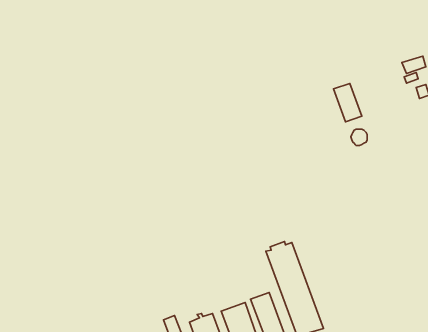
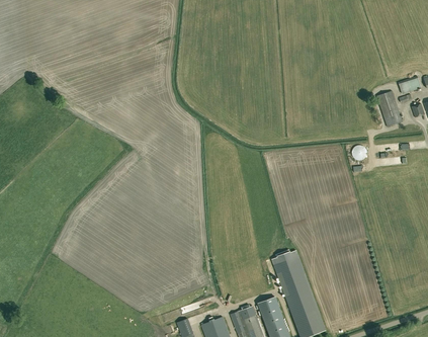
building: [334,84,362,122] -> [376,91,403,127]

